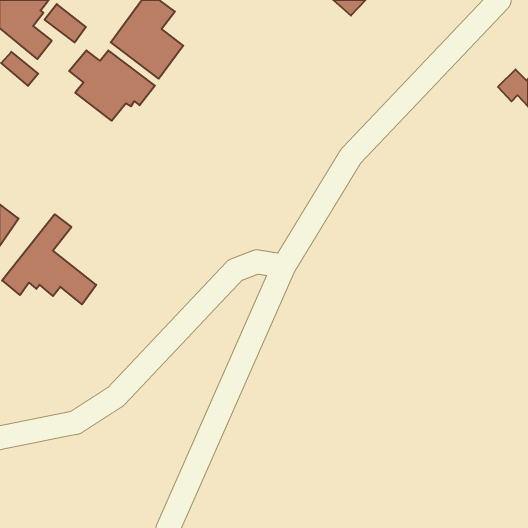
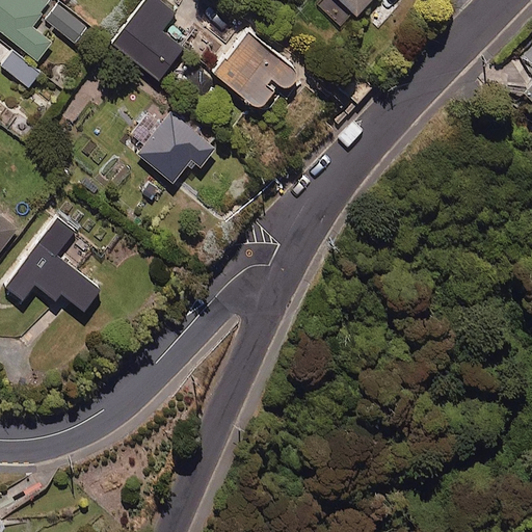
building: none -> [211,28,297,106]
building: [69,50,155,121] -> [131,112,217,183]

